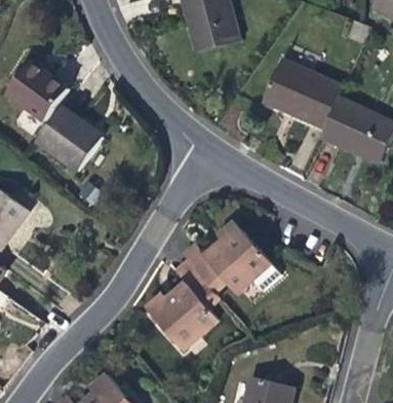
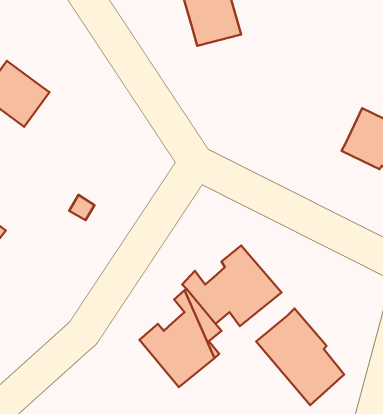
building: [270,64,349,133] -> none
building: [36,105,102,168] -> none
building: none -> [256,308,344,405]

